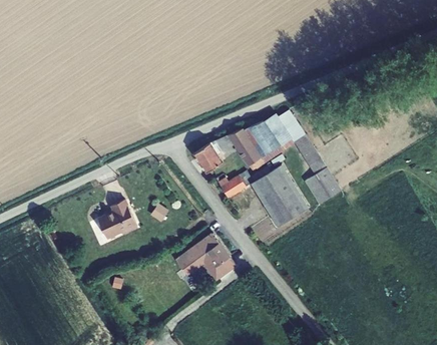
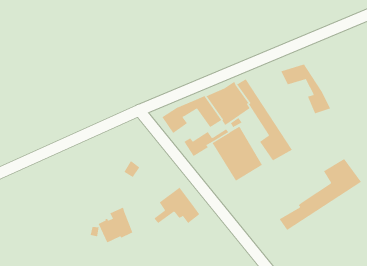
building: none -> [281,63,331,114]
building: [96,199,136,240] -> [98,207,133,243]
building: none -> [279,158,362,231]

